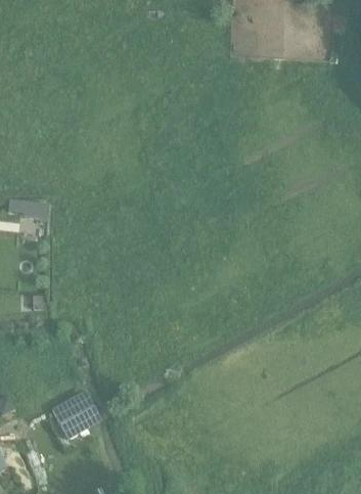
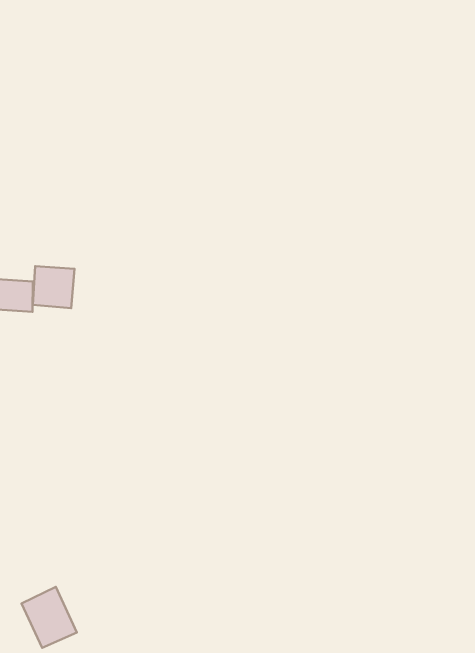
building: none -> [33,266,75,308]

